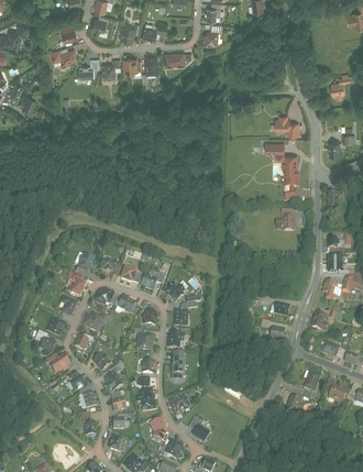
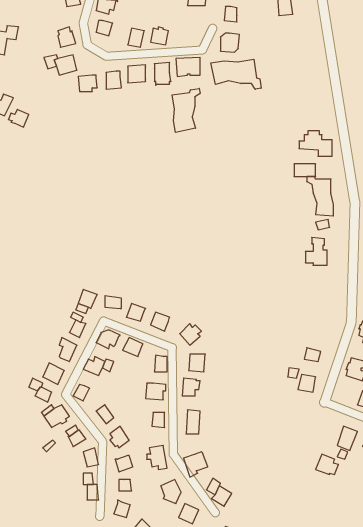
building: none -> [211,59,261,89]
building: none -> [172,88,200,132]

